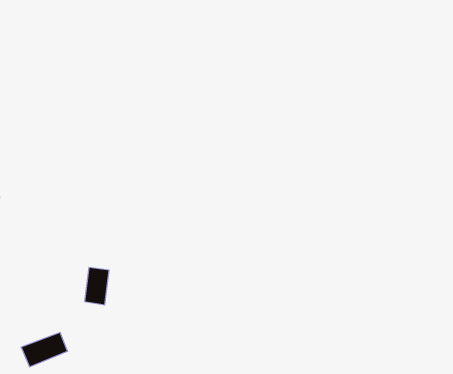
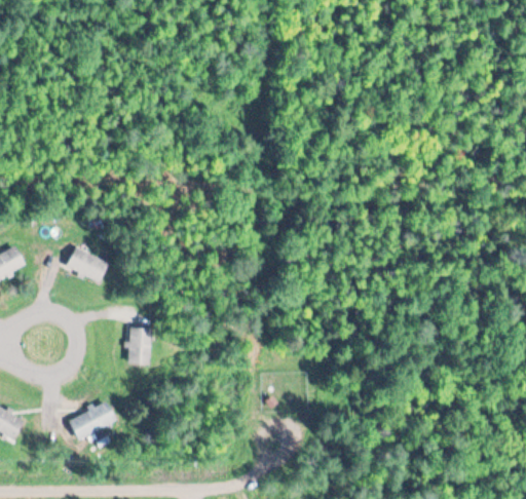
building: none -> [67,247,110,283]

